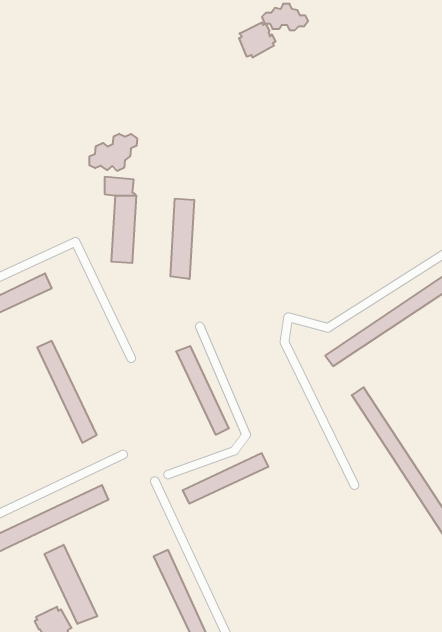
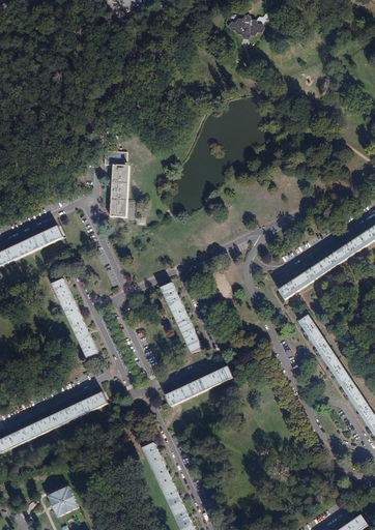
building: [239,22,275,58] -> none
building: [89,134,137,171] -> none
building: [170,199,194,279] -> none
building: [45,545,97,624] -> none

